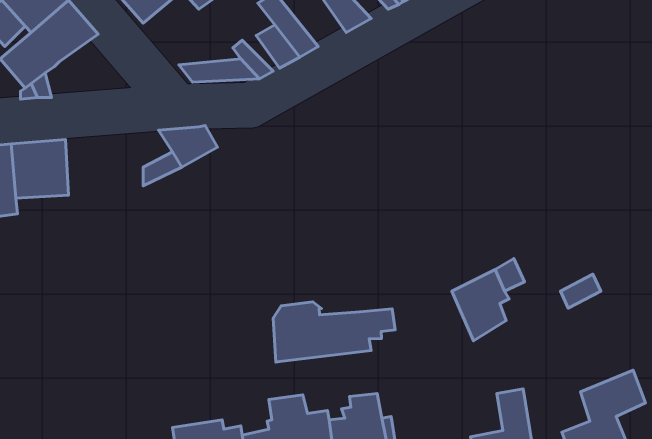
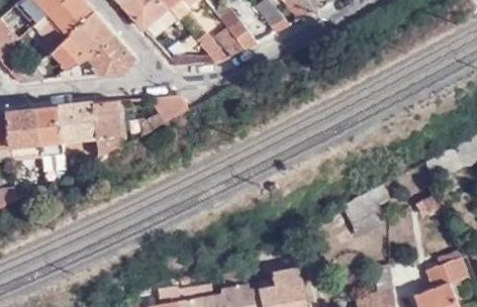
building: none -> [86,35,133,75]
building: none -> [93,101,121,157]
building: [273,302,395,362] -> none

